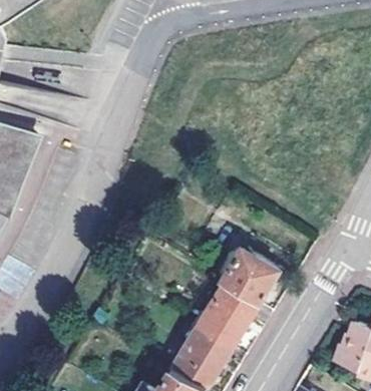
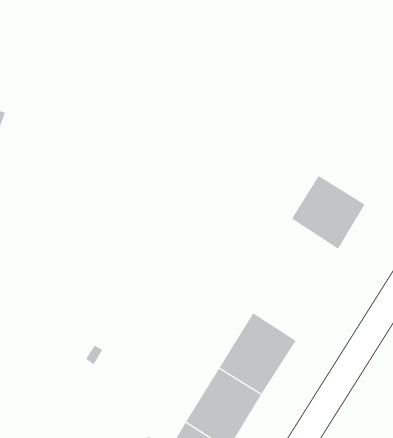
building: [224,246,282,304] -> [291,175,366,249]

